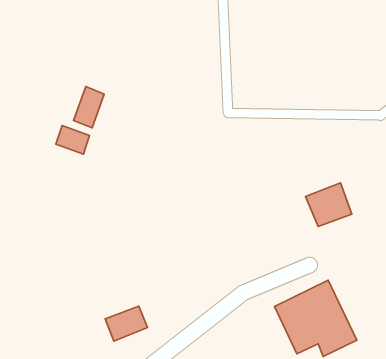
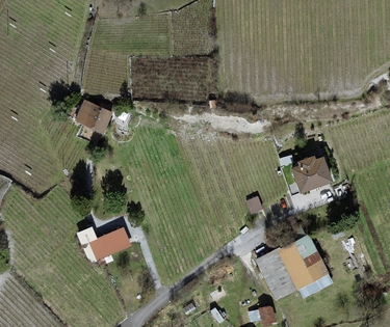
building: [73,87,104,128] -> none
building: [105,306,148,341] -> [93,227,128,256]

